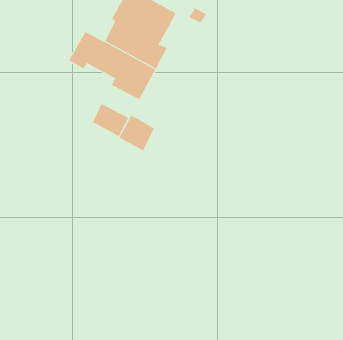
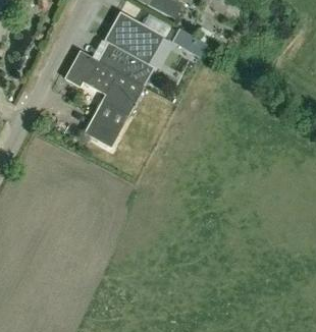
building: [118,115,155,151] -> none

